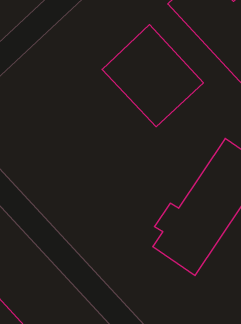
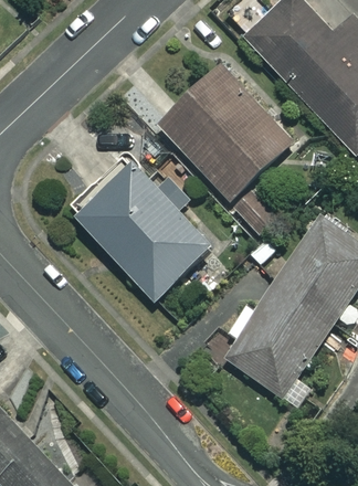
building: none -> [74,160,211,299]

